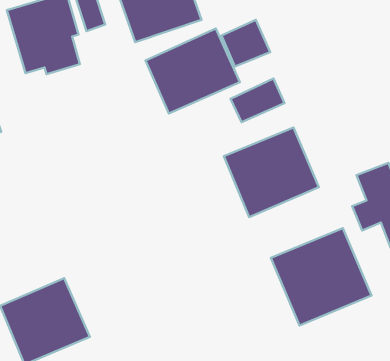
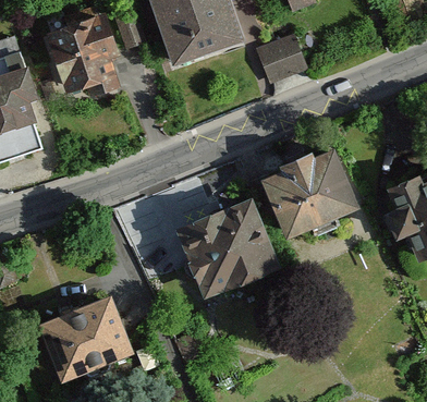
building: [145,29,240,113] -> none
building: [230,78,285,122] -> none
building: [271,228,372,326] -> [182,207,281,303]

